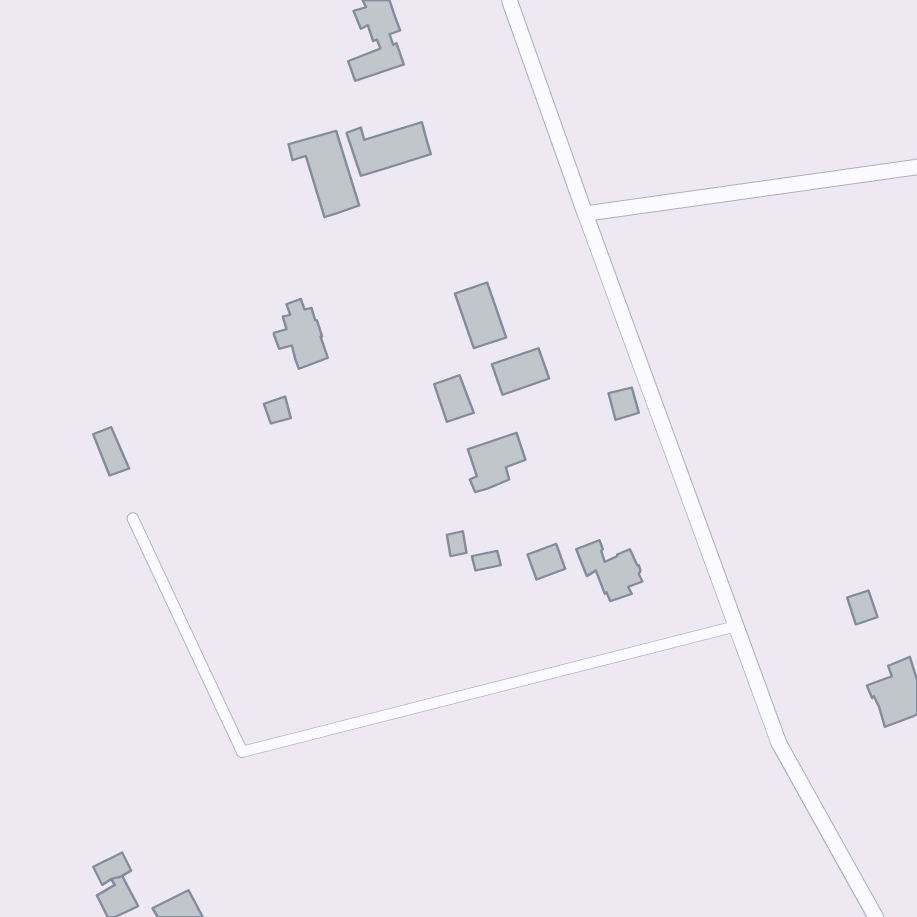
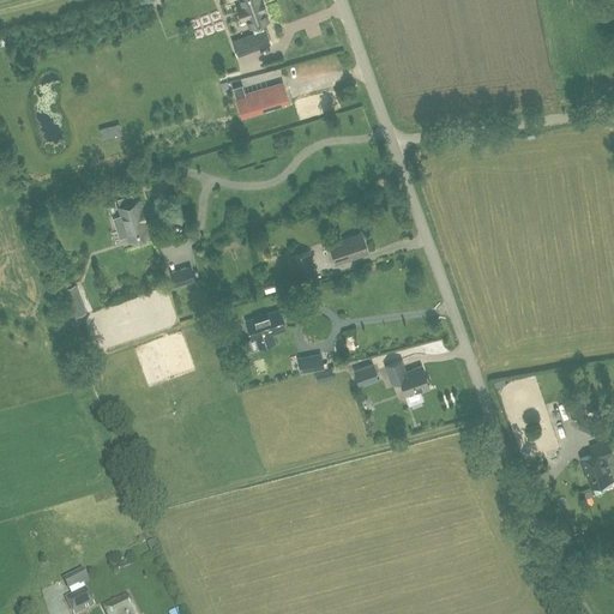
building: [289,131,359,217] -> none
building: [455,283,506,348] -> none
building: [274,299,328,369] -> [113,195,149,242]
building: [468,433,525,492] -> [246,311,284,350]

